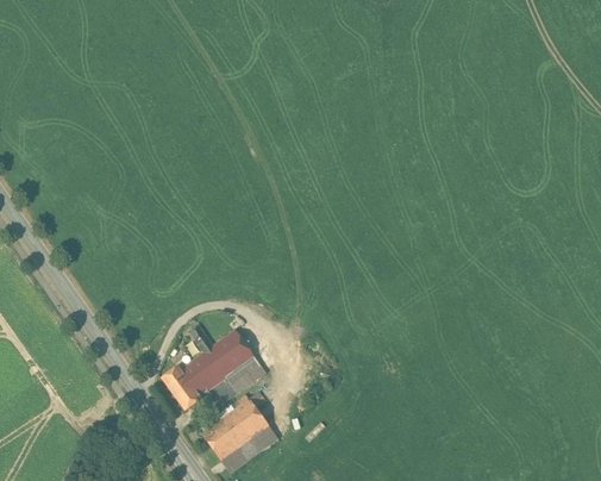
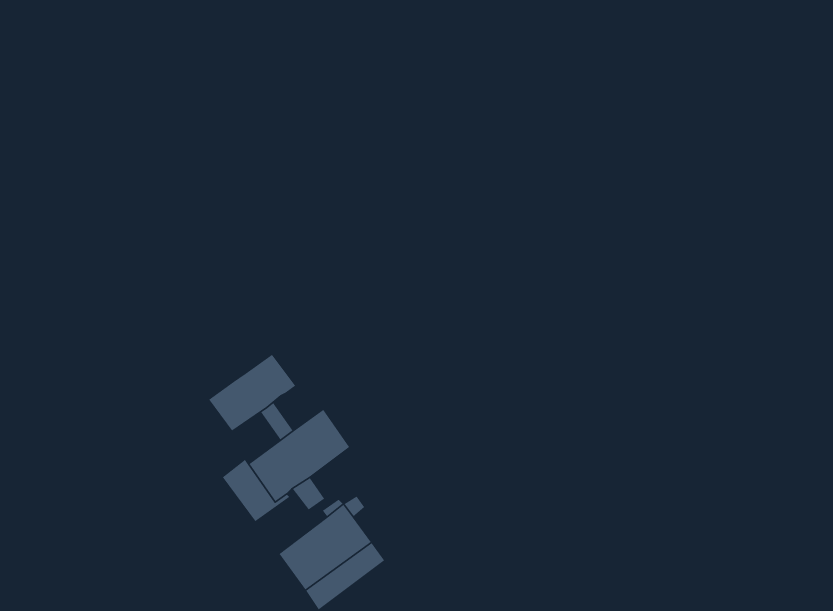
building: none -> [208,354,296,431]
building: [225,357,265,394] -> none

